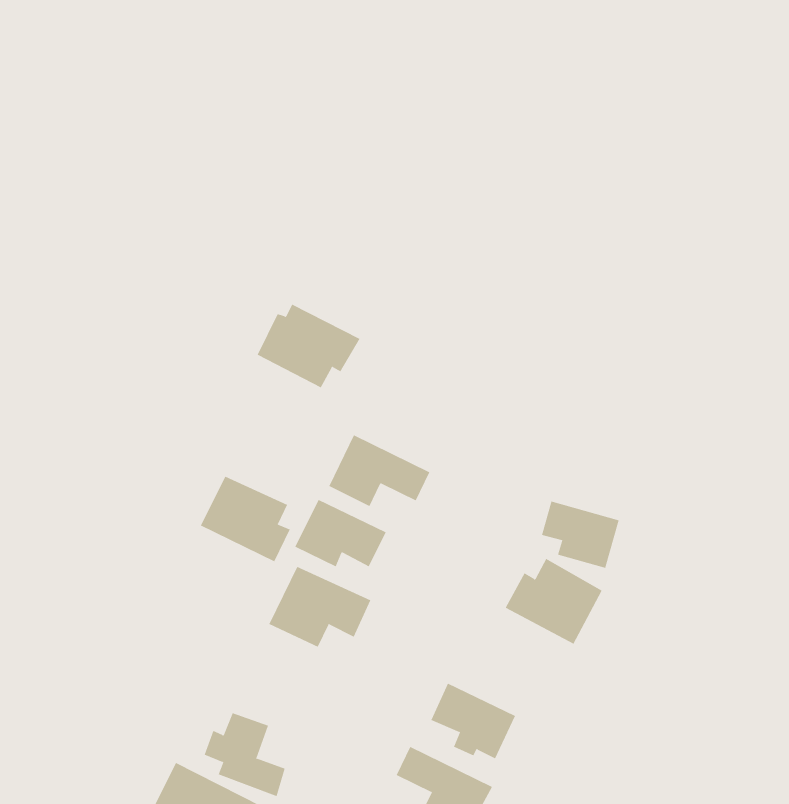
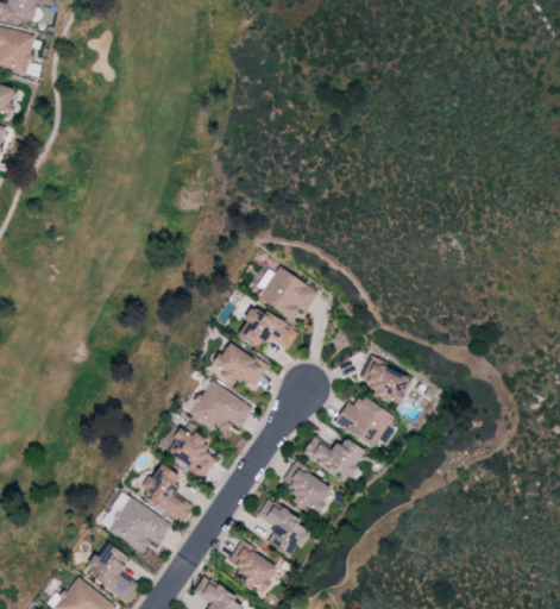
building: [257,304,360,388] -> [254,266,319,320]
building: [200,476,290,562] -> none
building: none -> [303,437,365,484]
building: none -> [165,427,213,477]

